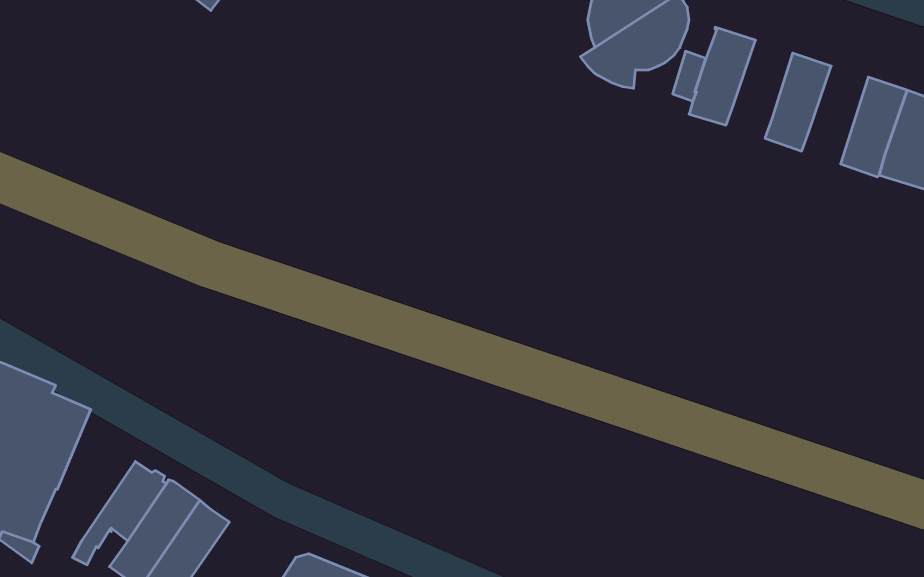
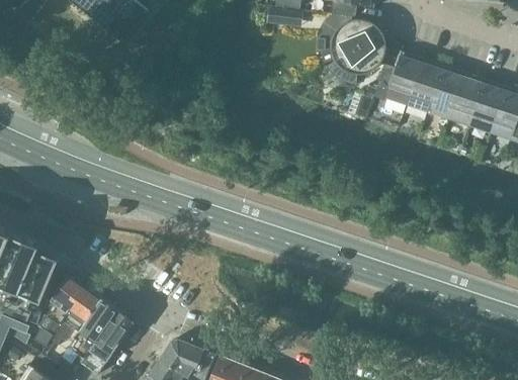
building: none -> [406,59,442,112]
building: none -> [447,73,484,126]
building: none -> [33,277,82,348]

